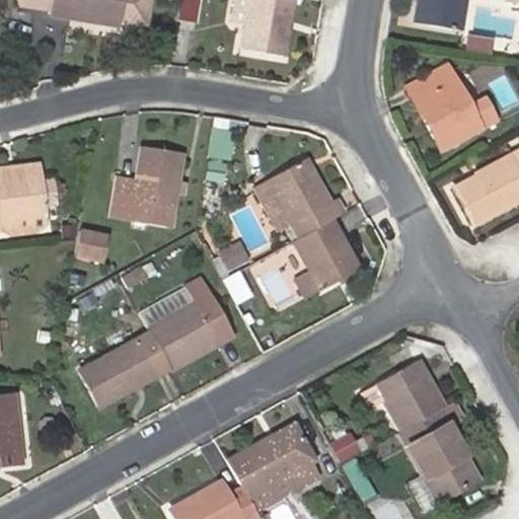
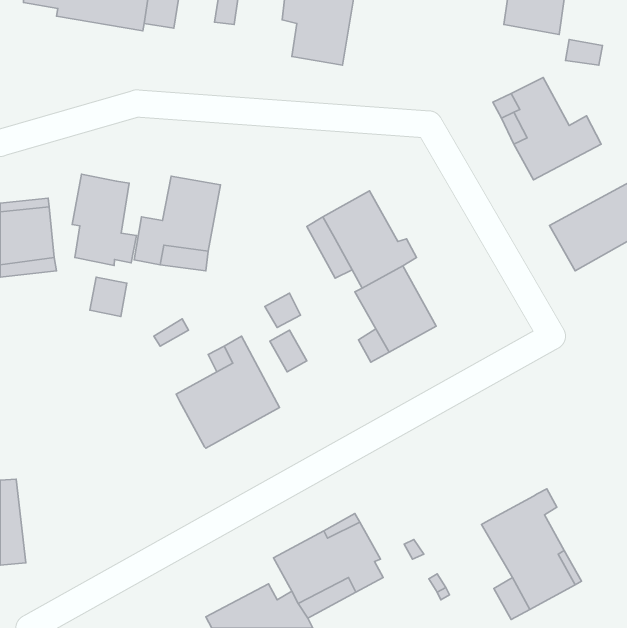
building: none -> [72,174,136,266]
building: [78,330,170,406] -> none
building: [375,361,444,430] -> none

